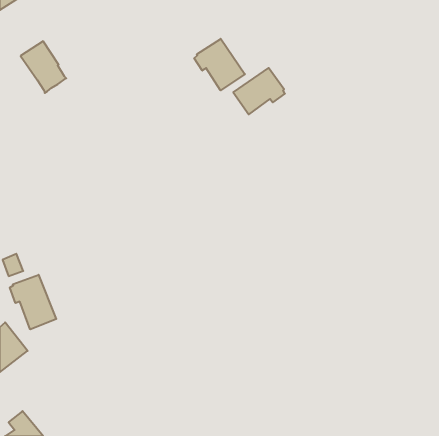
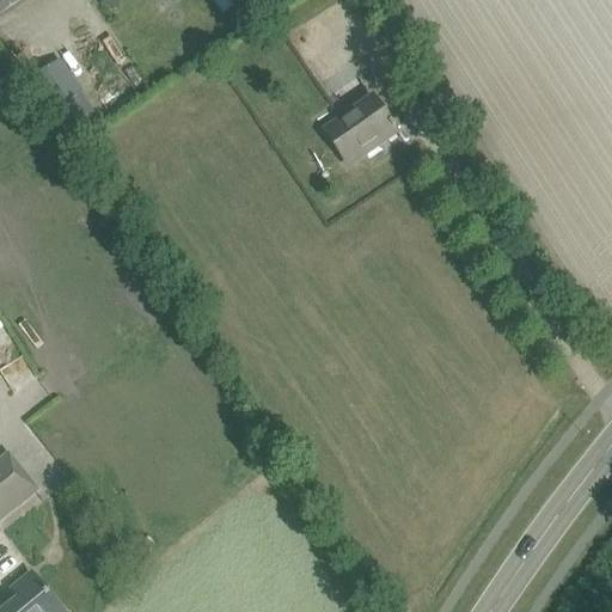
building: [194,39,245,90] -> none
building: [10,275,56,329] -> none

